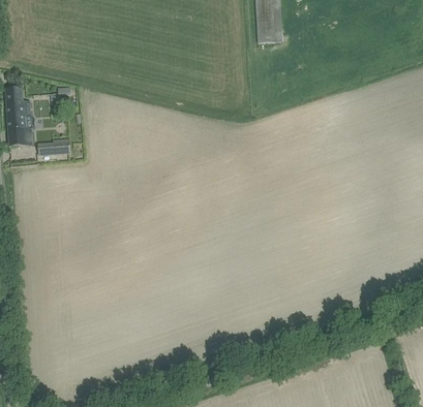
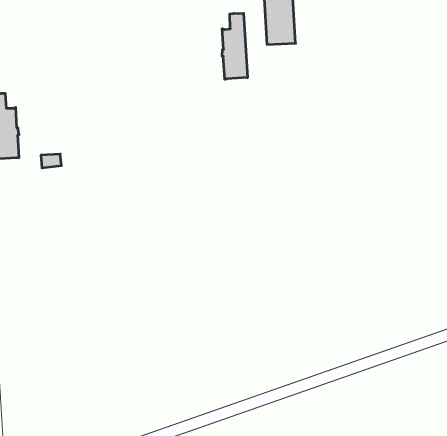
building: none -> [222,13,247,79]

